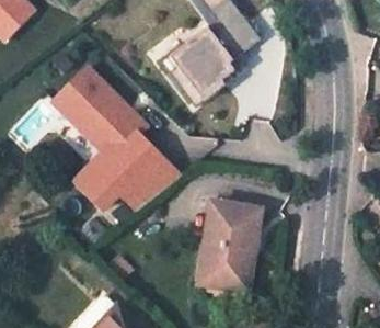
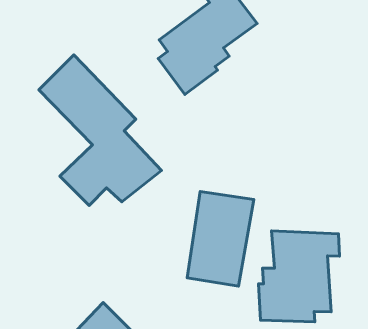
building: none -> [259,231,340,322]

